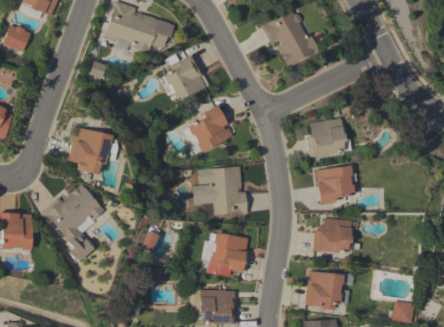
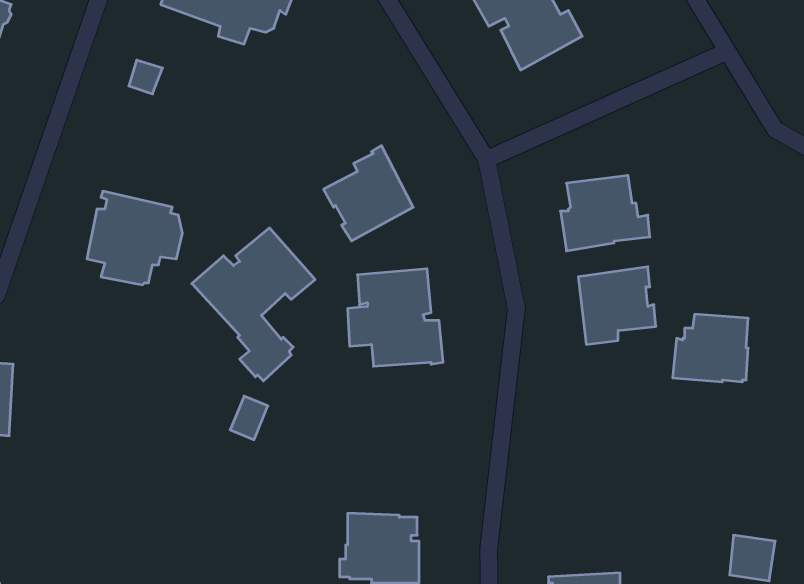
building: [164,55,205,102] -> none
building: [43,184,105,261] -> [192,228,315,381]
building: [313,218,351,252] -> [673,314,748,382]
building: [207,232,248,277] -> none
building: [305,271,344,309] -> none

